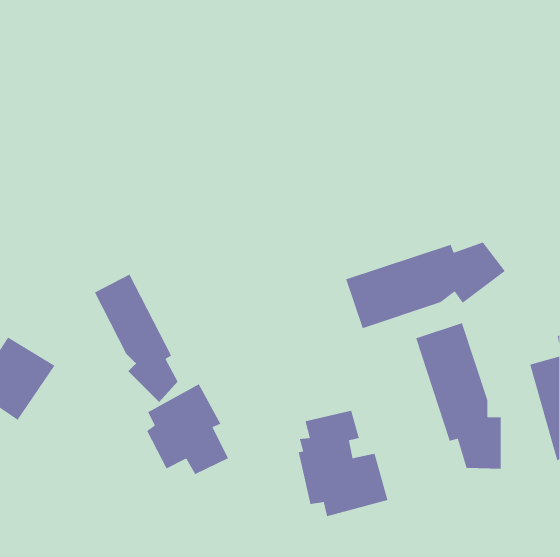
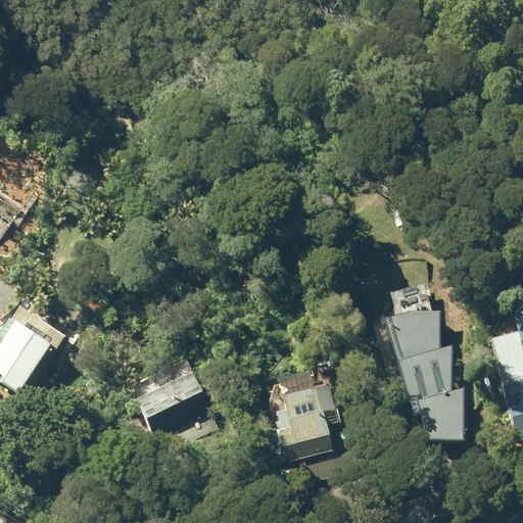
building: [345,242,506,329] -> none
building: [94,274,179,403] -> none

